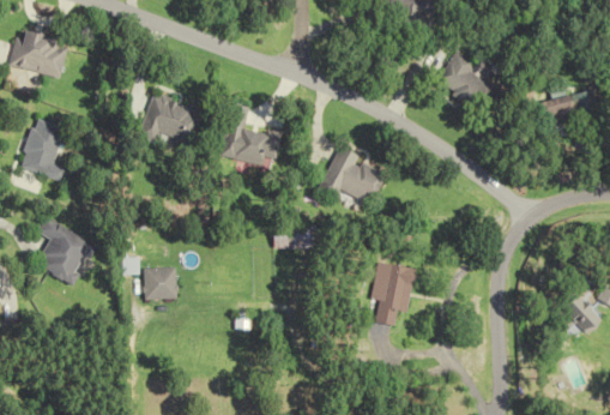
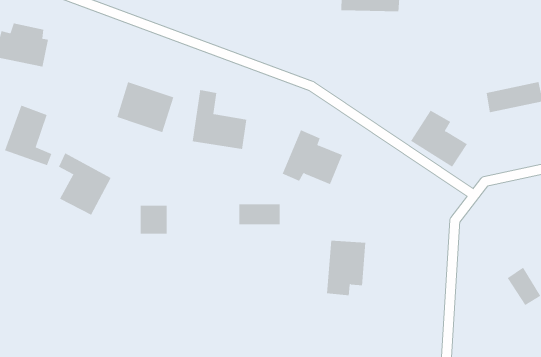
building: [437,52,500,114] -> [410,110,468,167]
building: [37,216,95,284] -> [58,152,111,216]
building: [143,267,173,299] -> [140,205,168,234]

